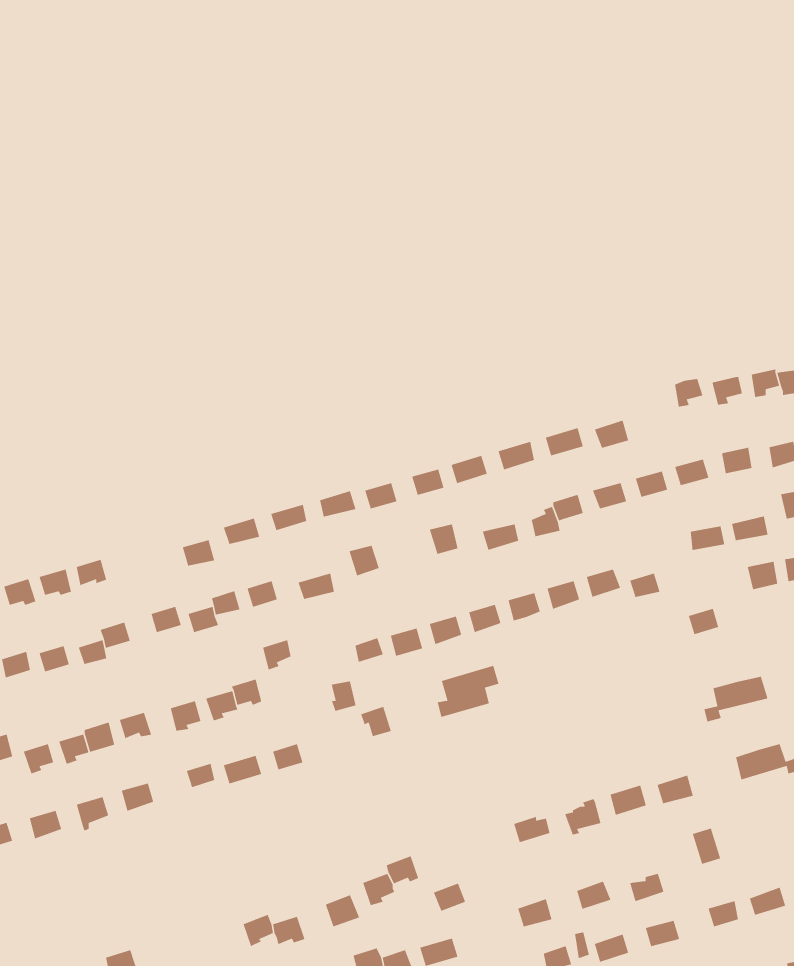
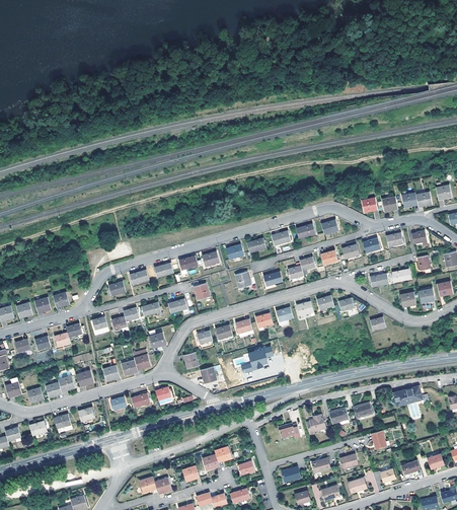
building: [703,676,769,722] -> none

